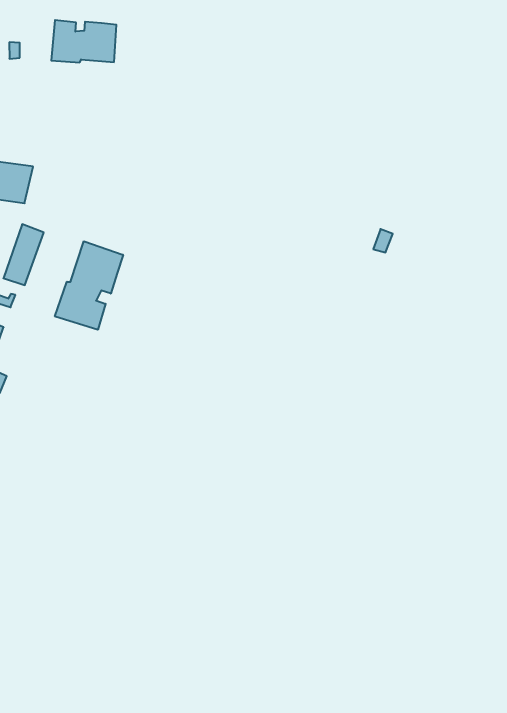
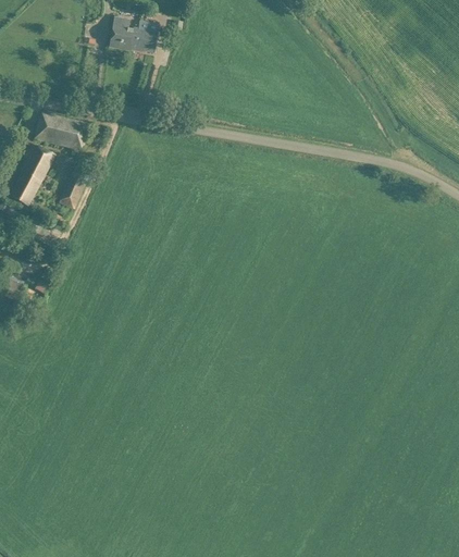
building: [55,241,123,330] -> none

